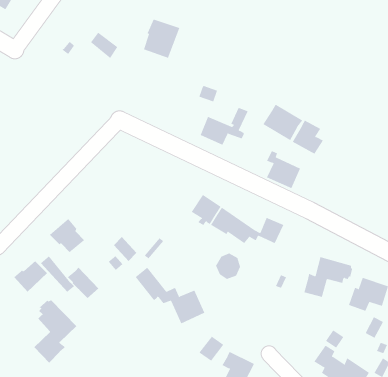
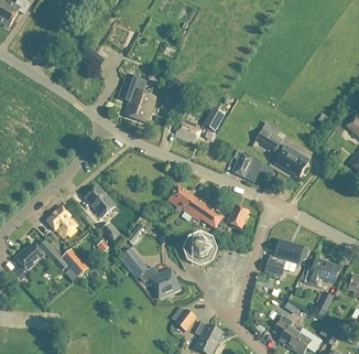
building: [143,19,180,59] -> [123,88,155,122]
building: [262,104,303,141] -> [274,144,309,176]
building: none -> [85,185,115,216]
building: [34,299,77,363] -> none

